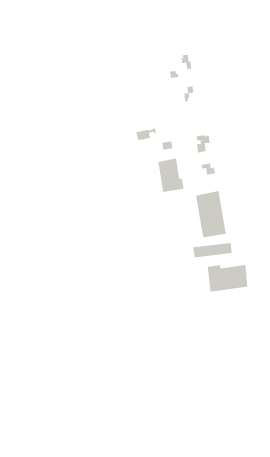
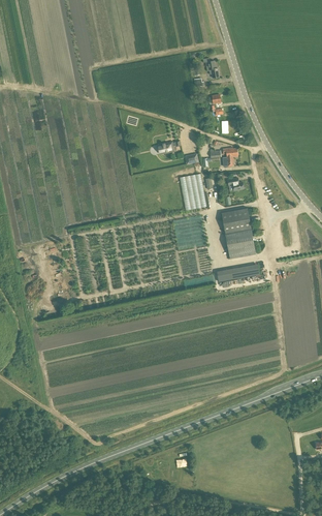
building: [207,264,248,293] -> none

